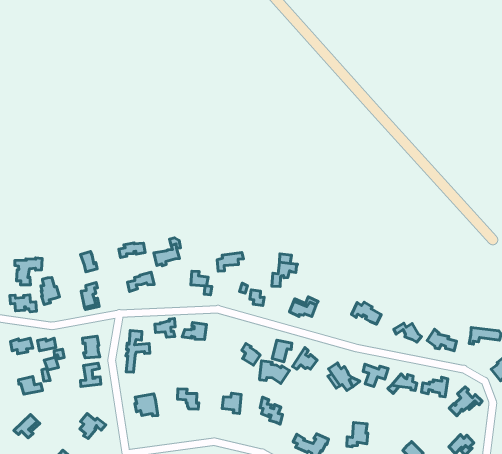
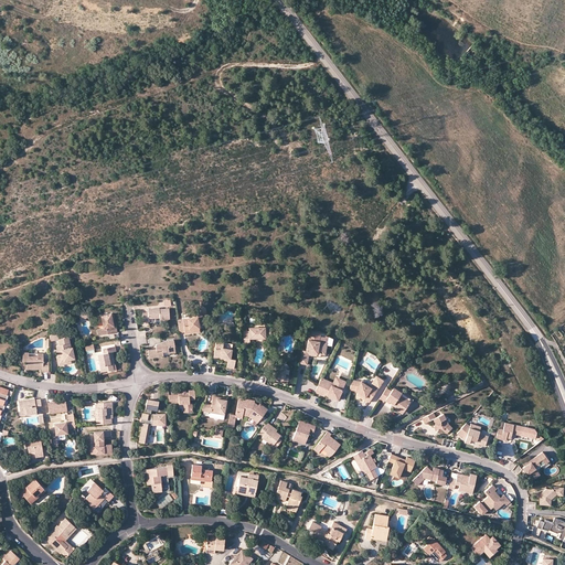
building: [15,258,42,285] -> none
building: none -> [351,379,384,404]
building: [260,361,289,384] -> [236,397,268,423]

